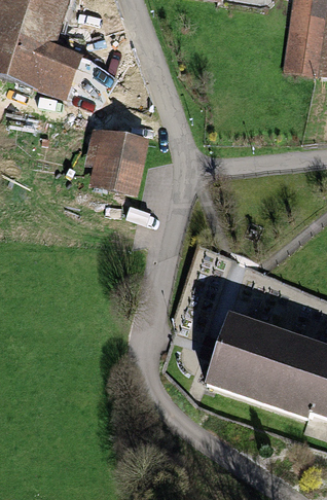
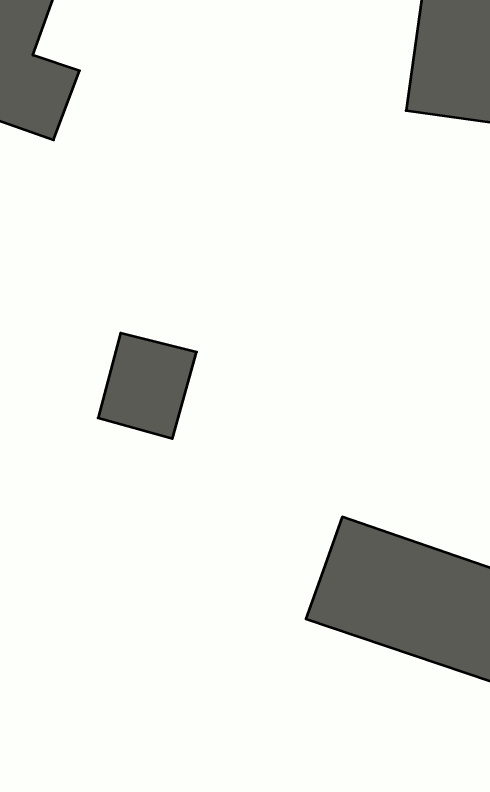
building: [89,130,148,192] -> [98,333,197,439]

